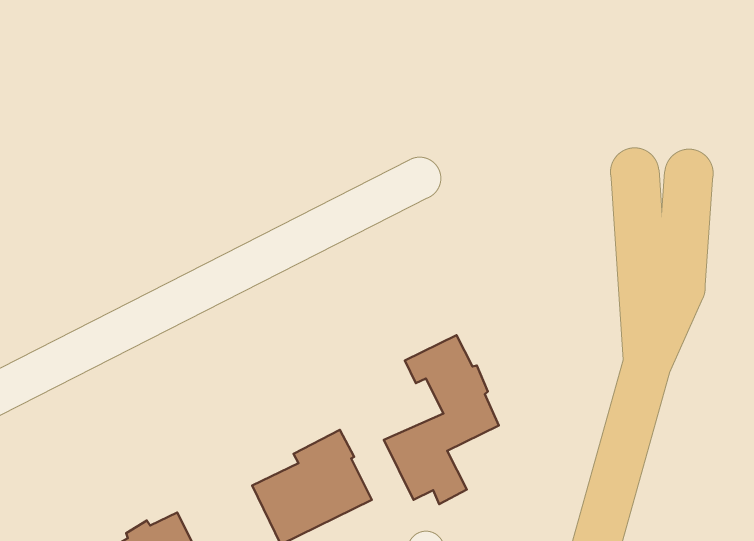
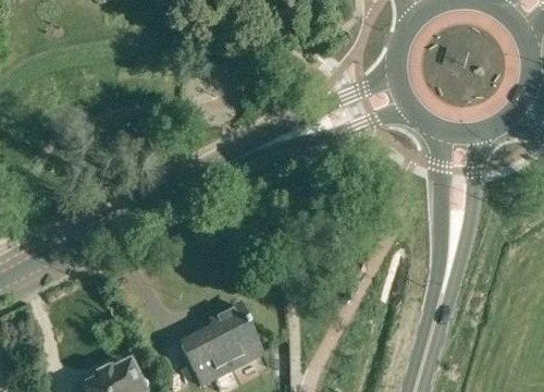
building: [384,335,499,504] -> none

